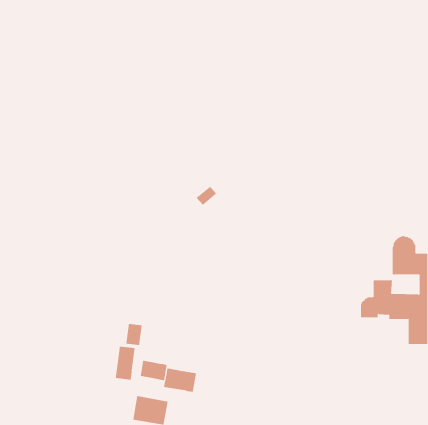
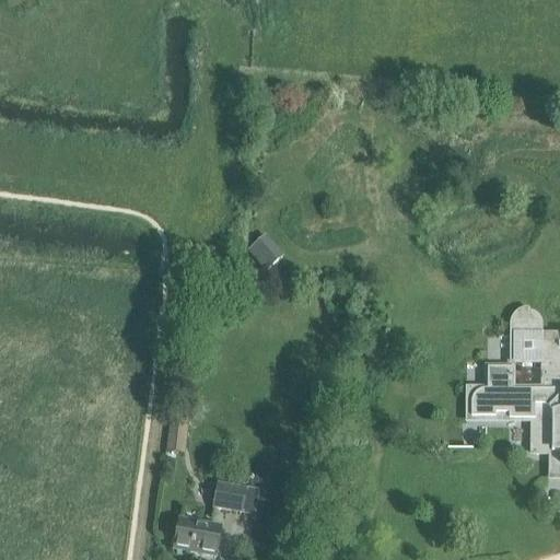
building: [115,346,135,380] -> none
building: [140,360,167,381] -> none

